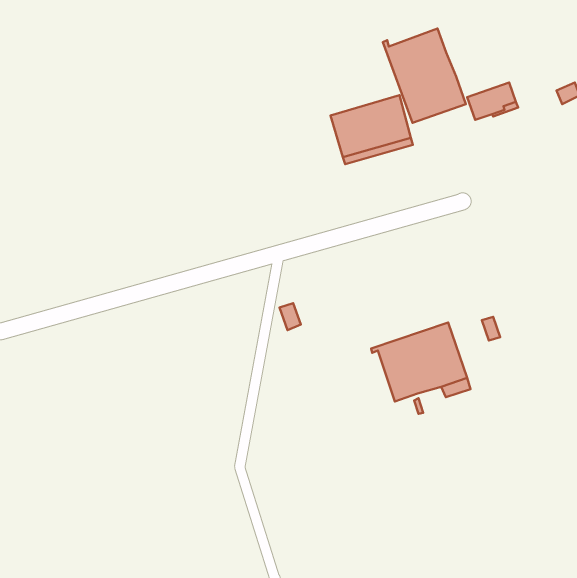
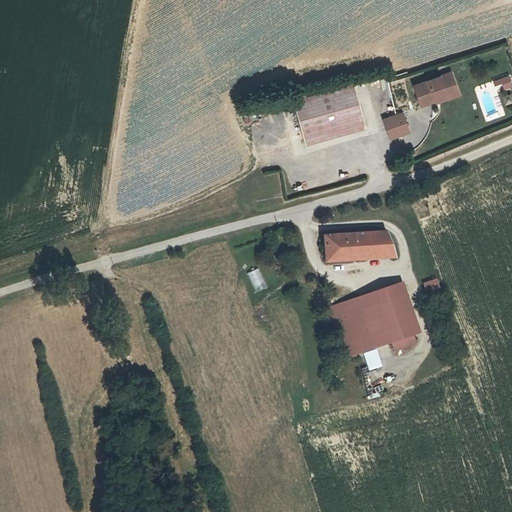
building: [383,28,466,123] -> none
building: none -> [382,110,411,139]
building: none -> [325,233,394,261]

